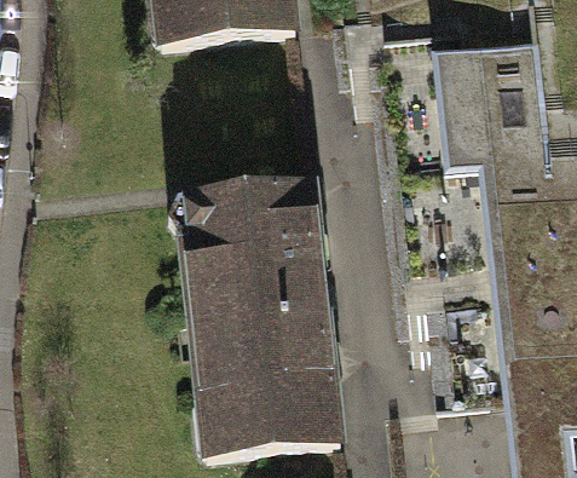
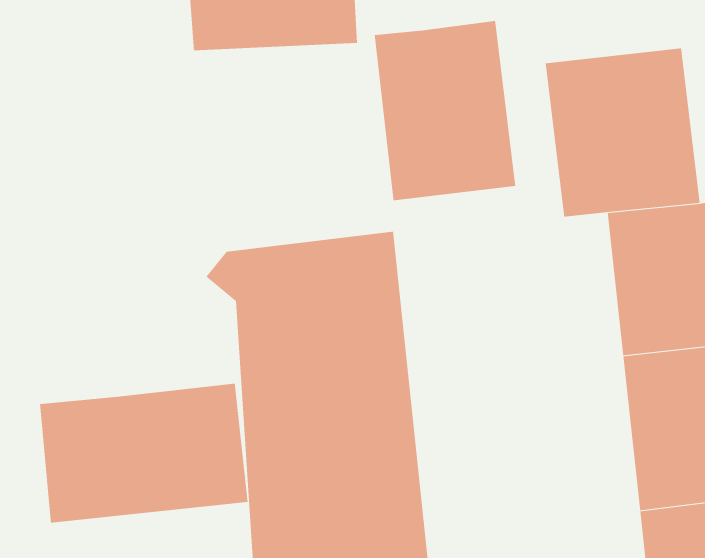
building: none -> [374,20,516,201]
building: none -> [39,383,248,523]

